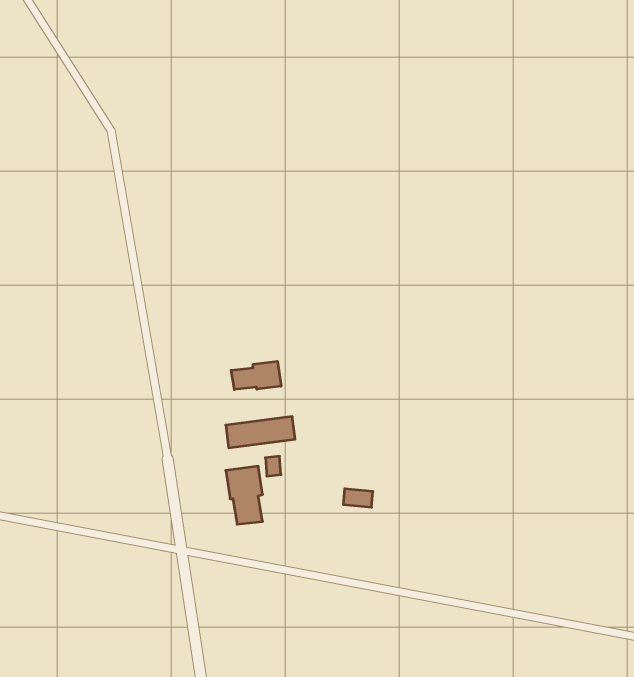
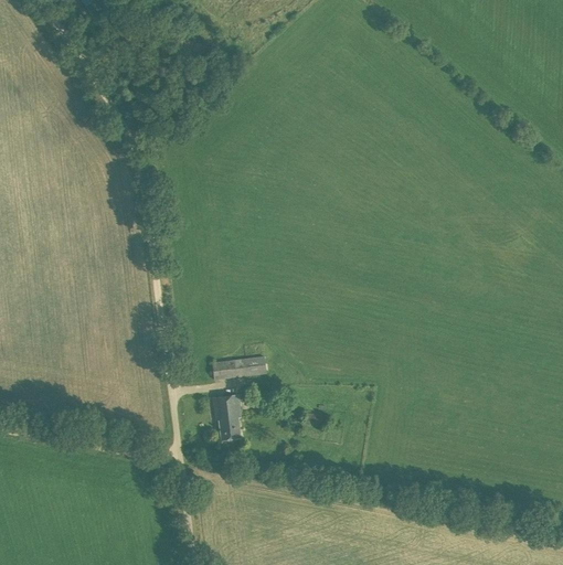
building: [231,361,281,390] -> none

